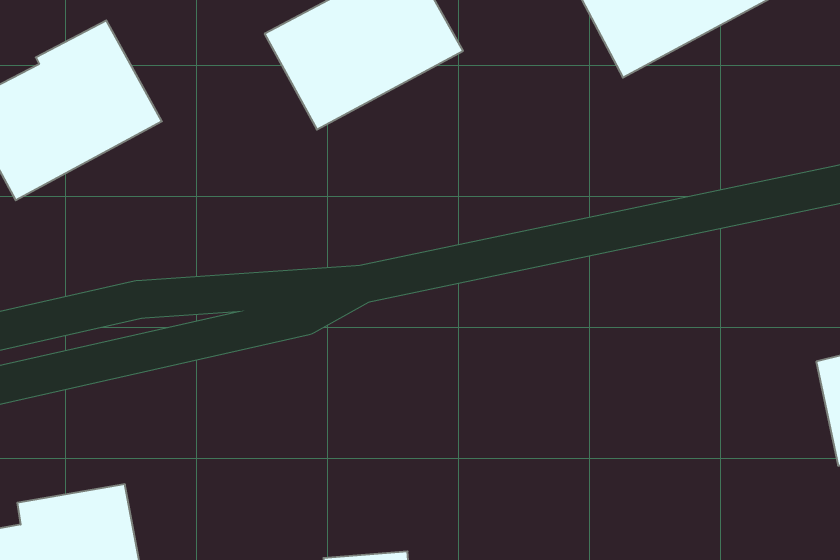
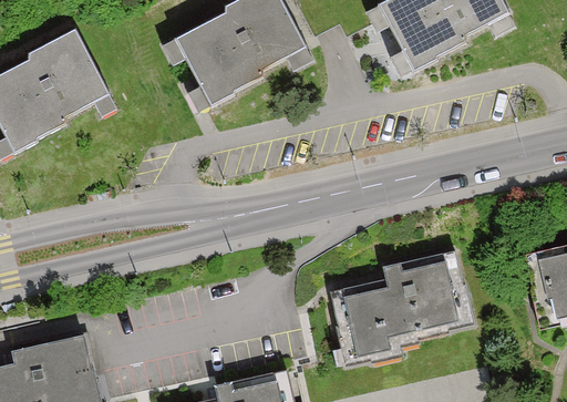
building: none -> [348,257,456,358]

